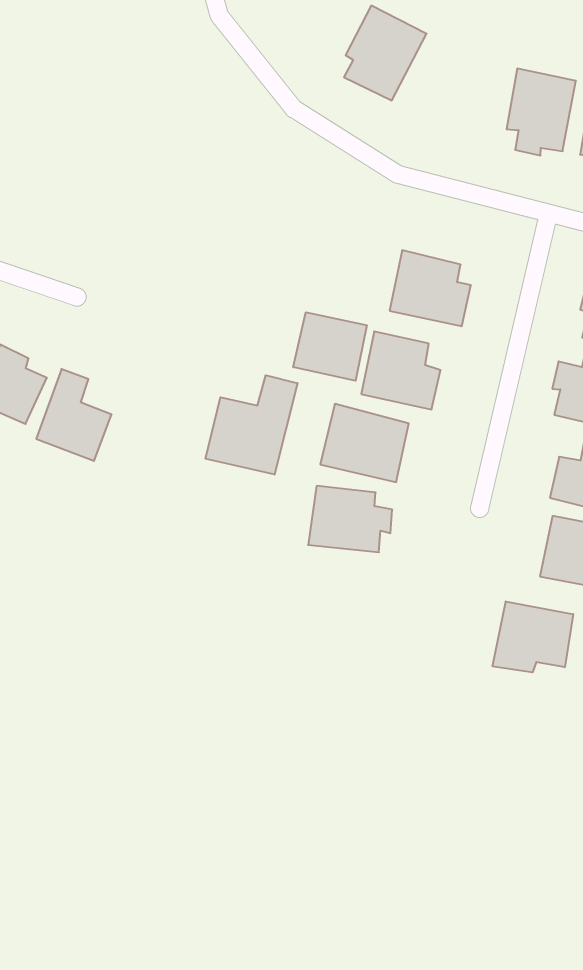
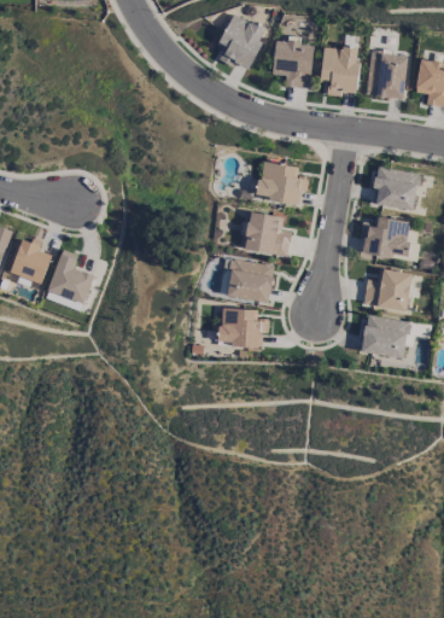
building: none -> [273,40,314,88]
building: [293,312,367,381] -> none
building: [206,375,298,475] -> none
building: [493,601,573,672] -> none

